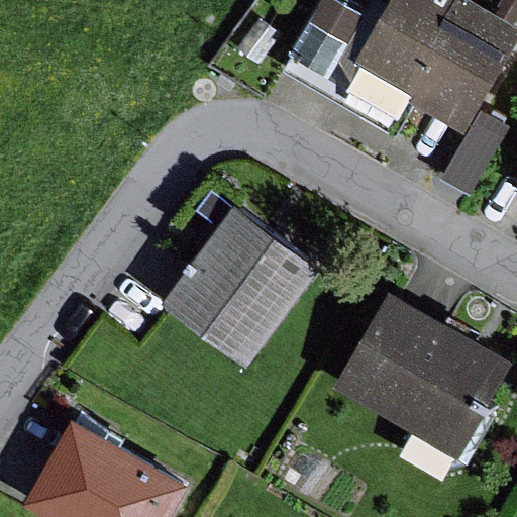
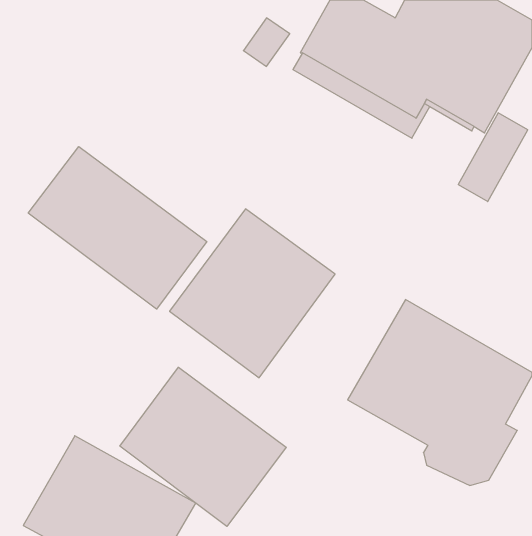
building: none -> [28,147,207,309]
building: none -> [120,367,286,526]

